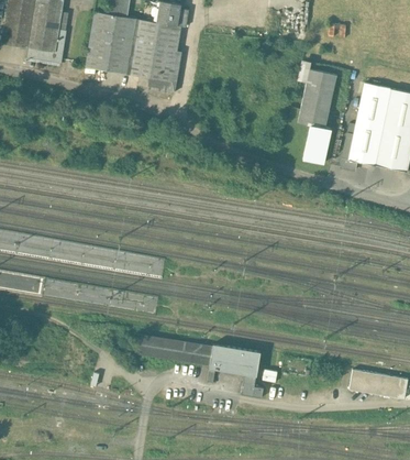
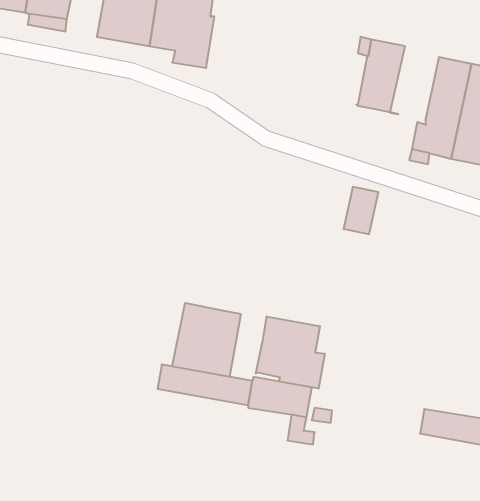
building: [302,125,331,164] -> [343,187,379,234]
building: none -> [172,303,241,377]
building: none -> [256,316,325,389]

